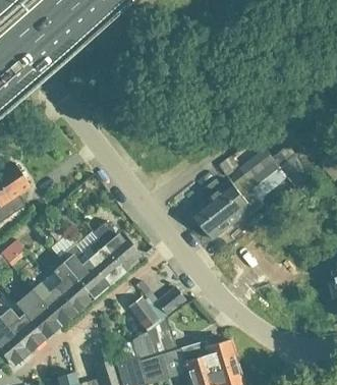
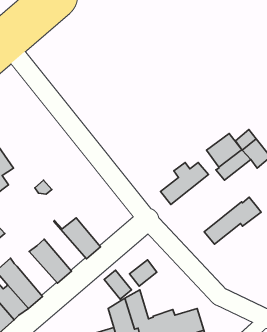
building: [202,188,264,239] -> [204,197,261,244]
building: [93,221,142,272] -> none
building: [59,244,110,298] -> none
building: [32,277,78,326] -> none

